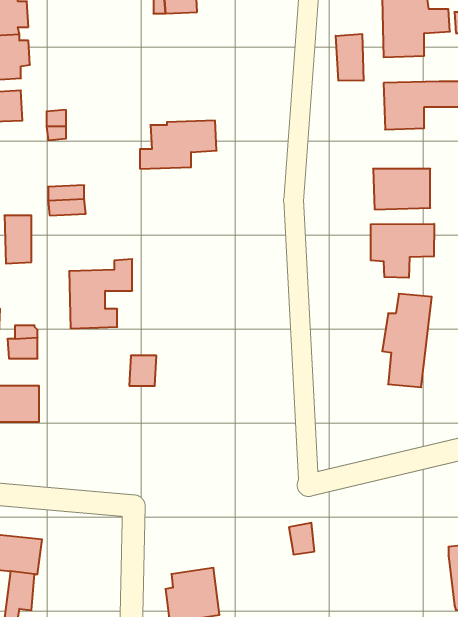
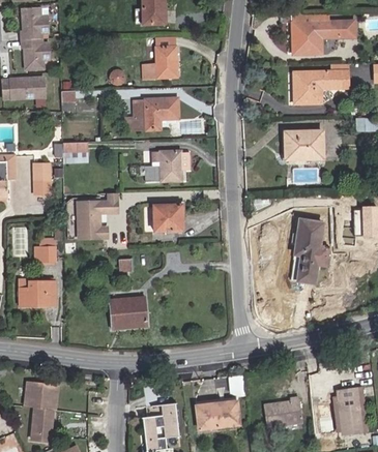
building: [336,34,364,81] -> none
building: none -> [144,47,177,74]
building: none -> [145,151,190,181]
building: [371,224,434,278] -> none
building: none -> [152,203,181,230]
building: none -> [111,297,147,327]
building: none -> [263,396,302,426]
building: none -> [196,401,238,428]

